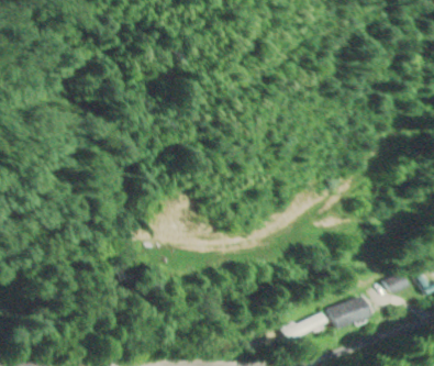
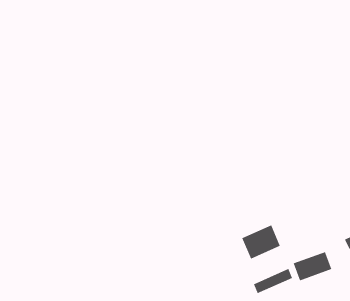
building: none -> [242,225,281,259]

